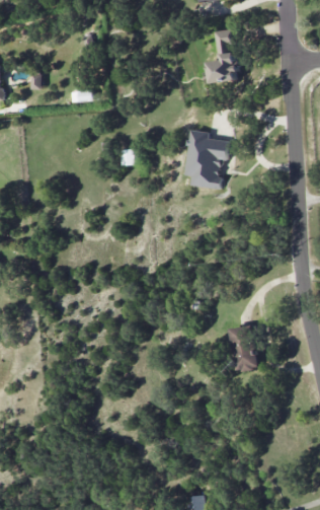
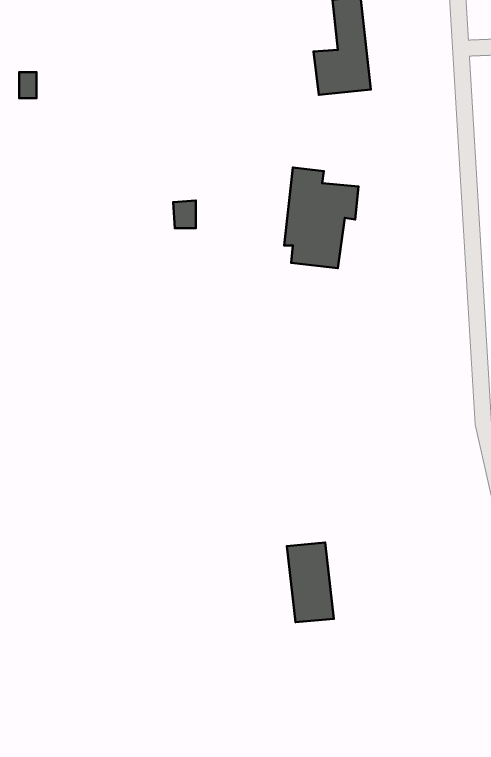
building: [229,325,256,372] -> [287,543,334,622]

